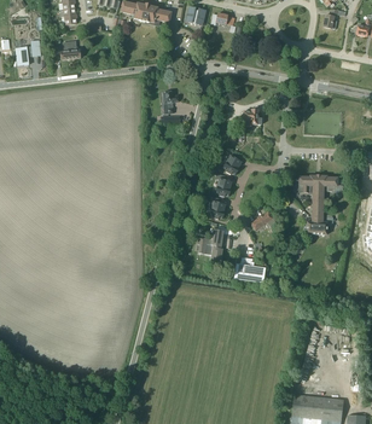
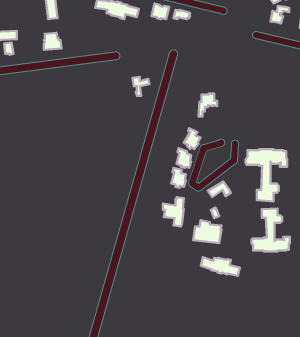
building: none -> [251,208,290,251]
building: none -> [201,257,240,276]

